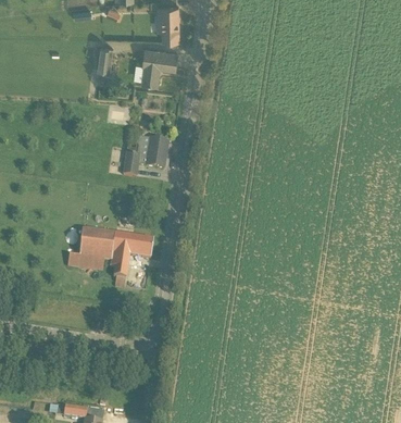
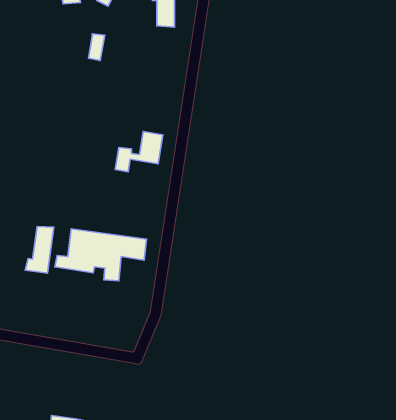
building: [140,47,176,83] -> none
building: none -> [25,226,54,273]

